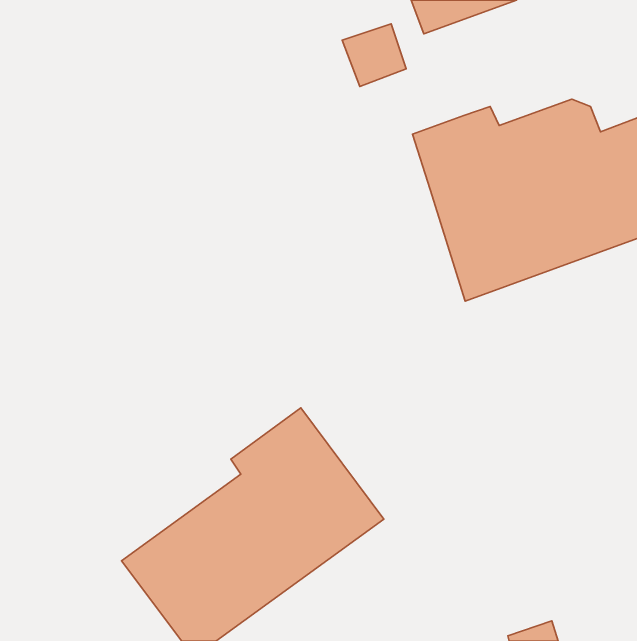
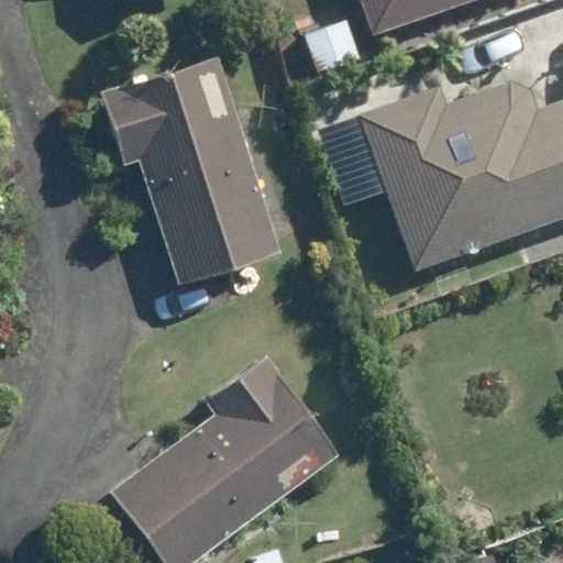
building: none -> [101,57,282,285]

